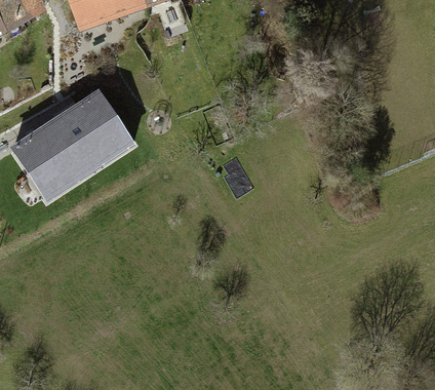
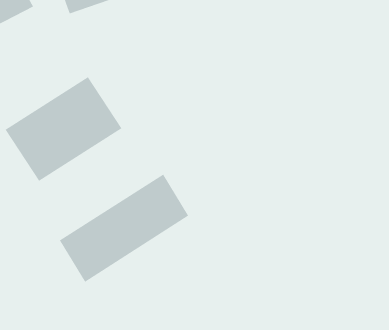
building: none -> [59,174,189,283]

